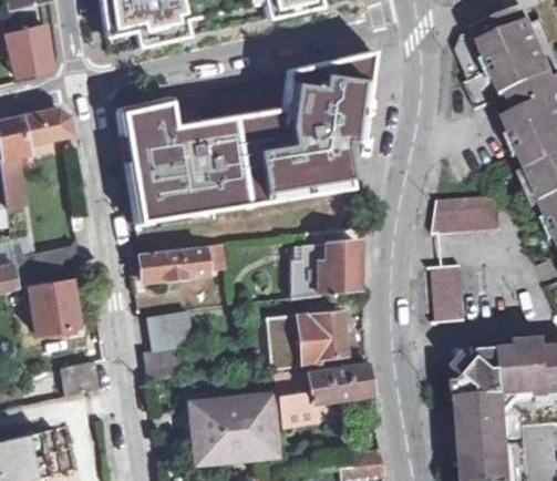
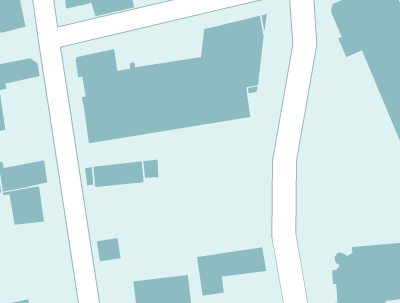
building: [434,196,498,235] -> none
building: [295,239,357,297] -> none
building: [430,266,464,321] -> none
building: [149,308,194,349] -> none
building: [269,310,347,368] -> none
building: [62,361,99,395] -> none

